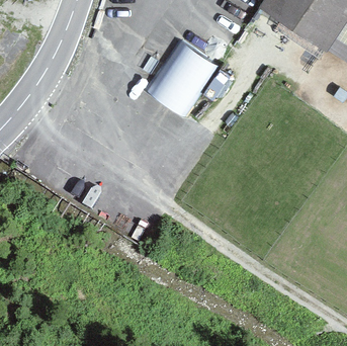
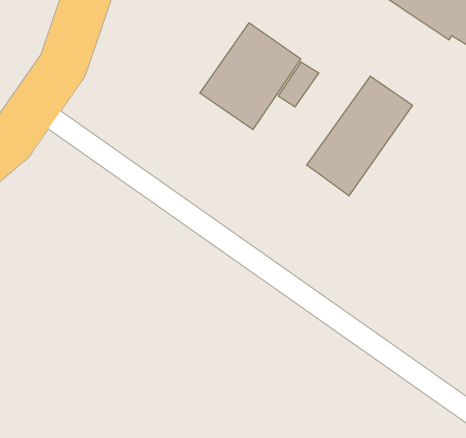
building: none -> [307,76,412,196]

